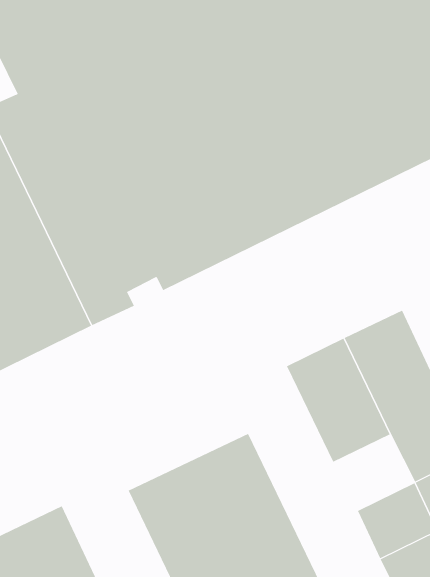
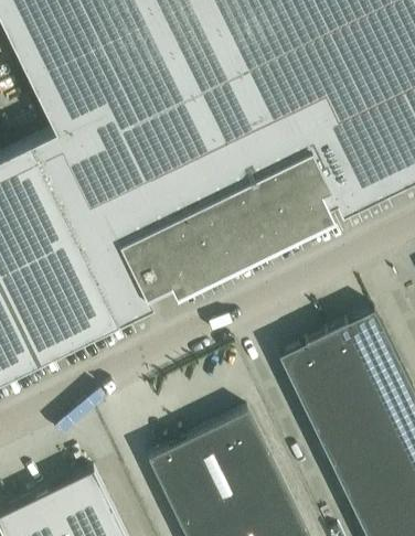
building: none -> [317,412,384,475]

